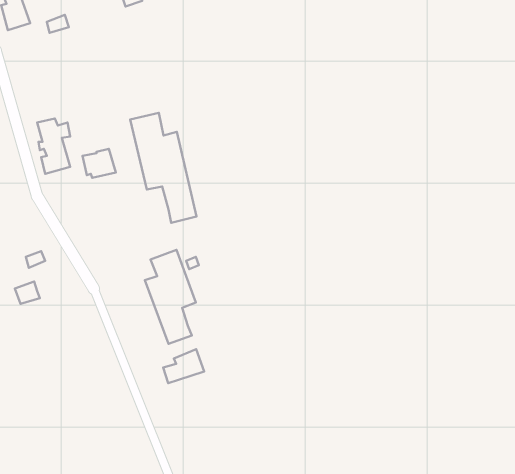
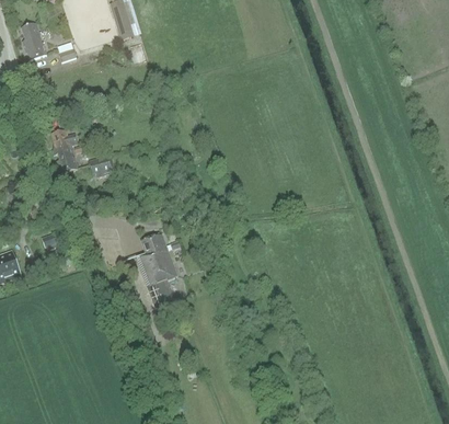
building: [130,113,197,223] -> none
building: [163,349,204,383] -> none

